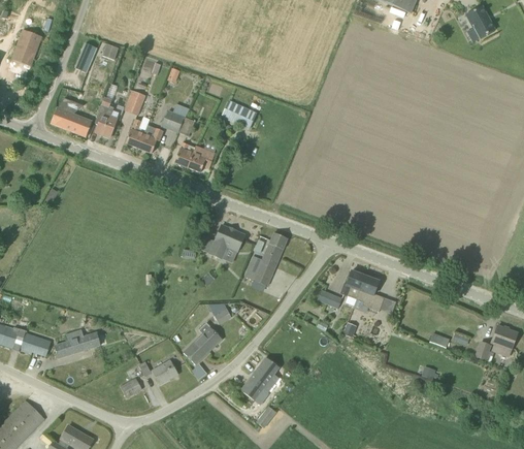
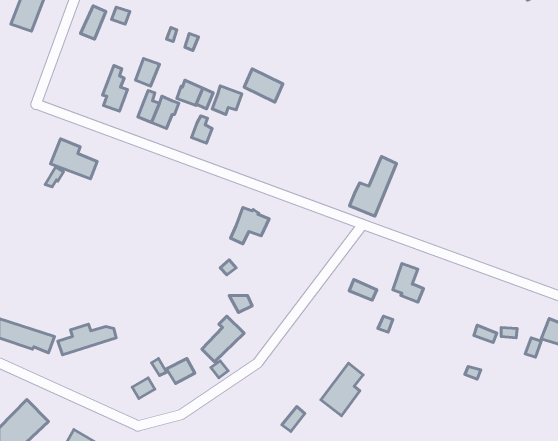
building: [50,101,92,137] -> [50,139,97,179]
building: [188,147,215,172] -> [212,86,242,115]
building: [244,232,287,286] -> [350,157,396,216]
building: [340,270,364,299] -> none
building: [240,357,279,405] -> [321,363,363,416]

